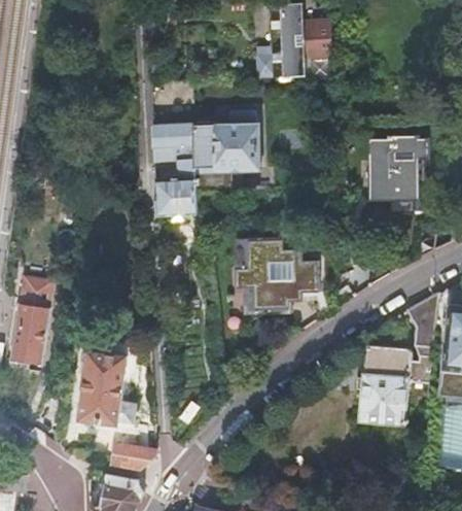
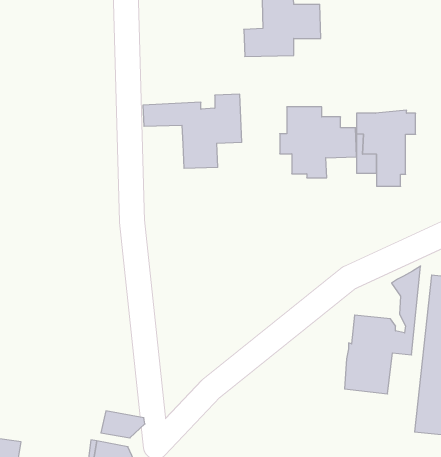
building: [152,148,194,215] -> none
building: [242,238,321,311] -> [280,107,357,178]
building: [8,277,51,366] -> none
building: [75,352,134,428] -> none

